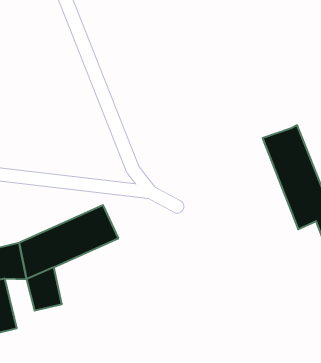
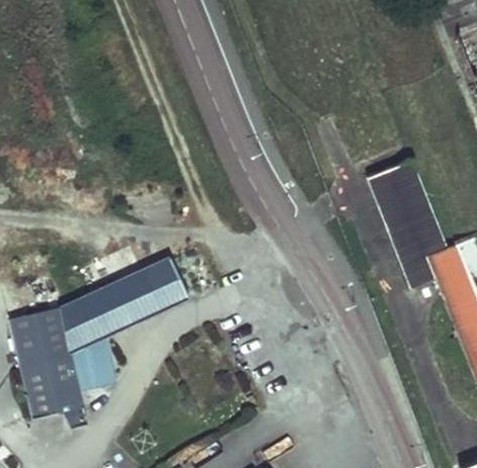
building: none -> [45,351,86,413]

